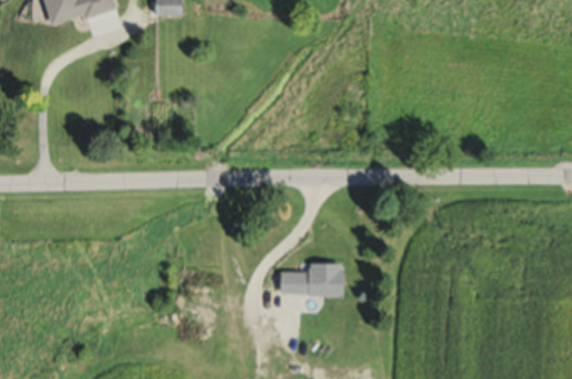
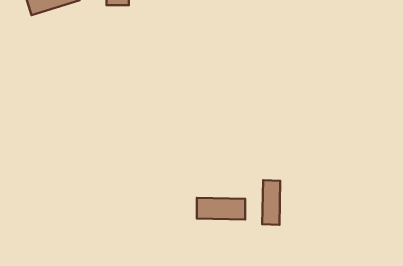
building: none -> [262,180,280,225]

